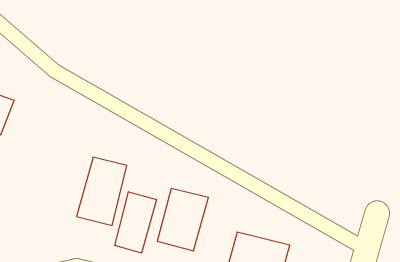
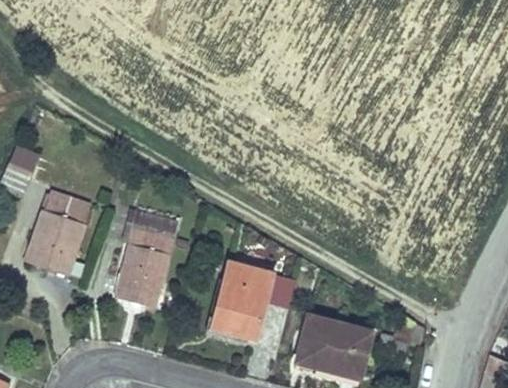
building: none -> [26,190,92,276]
building: [115,192,156,253] -> none

